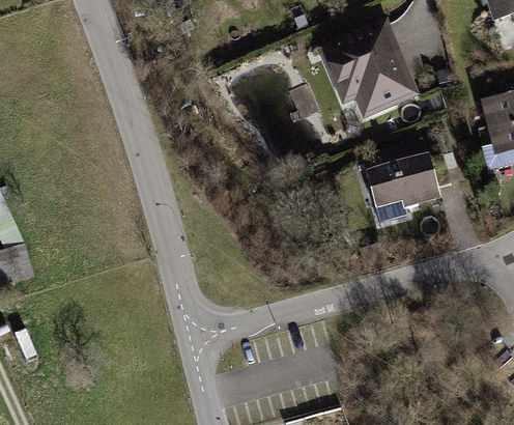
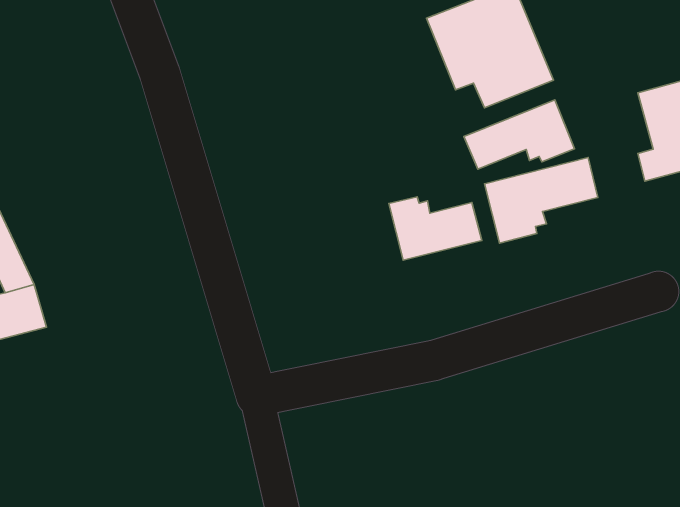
building: none -> [464,100,575,169]
building: none -> [389,197,482,260]

